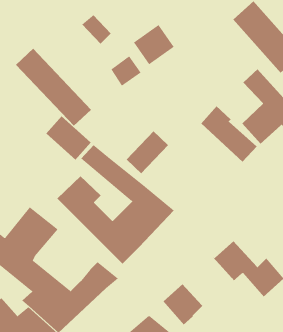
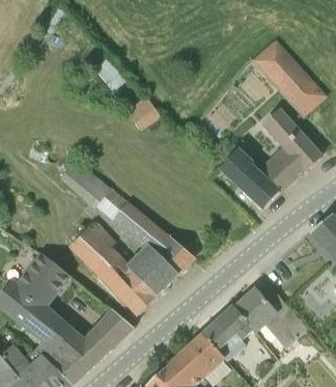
building: [133,24,175,65] -> none
building: [15,48,92,127] -> none
building: [126,130,169,174] -> none
building: none -> [201,306,252,360]

